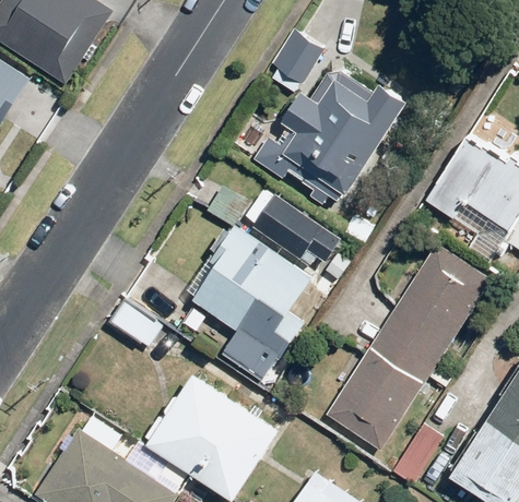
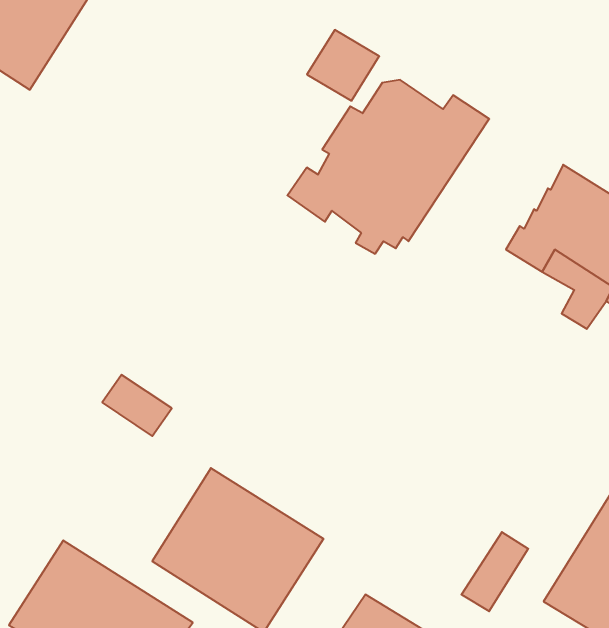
building: [238,190,338,275] -> none
building: [182,228,308,362] -> none
building: [323,241,491,451] -> none

